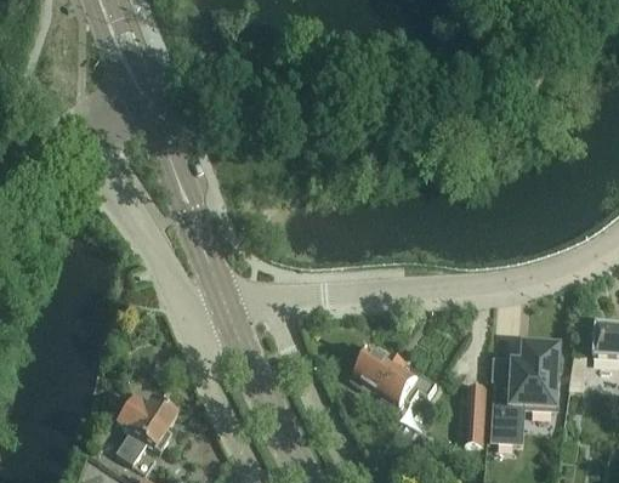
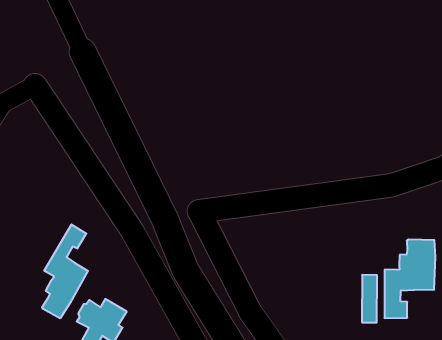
building: none -> [42,224,88,318]
building: [348,348,436,411] -> none

